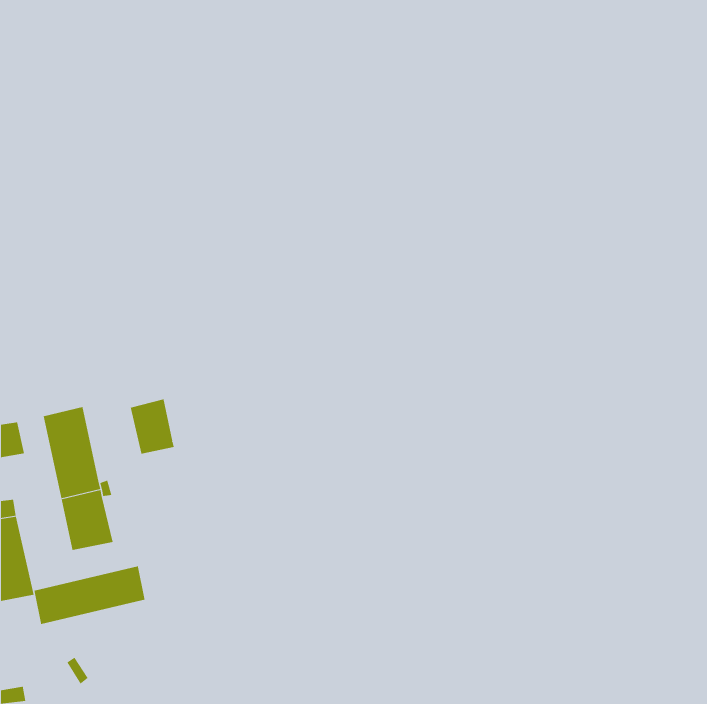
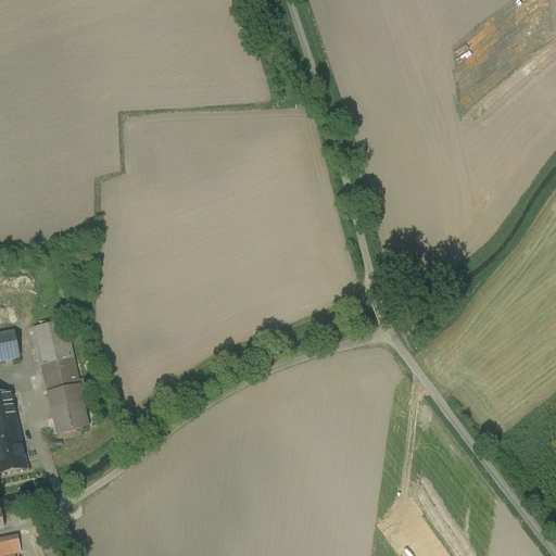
building: [130,399,174,455] -> none
building: [34,565,145,625] -> none

